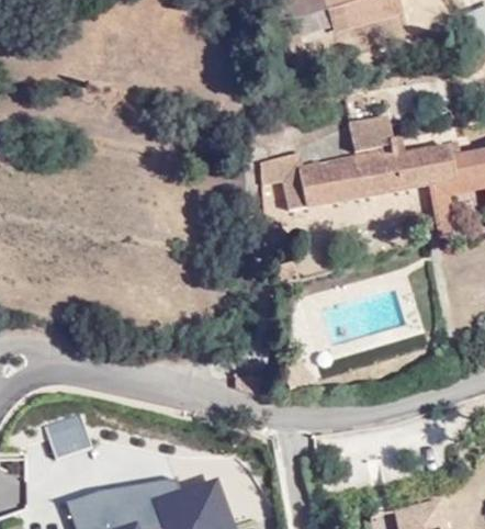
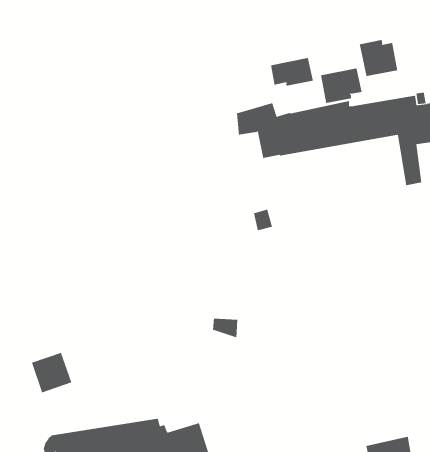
building: none -> [359,39,398,77]
building: none -> [271,57,313,87]

